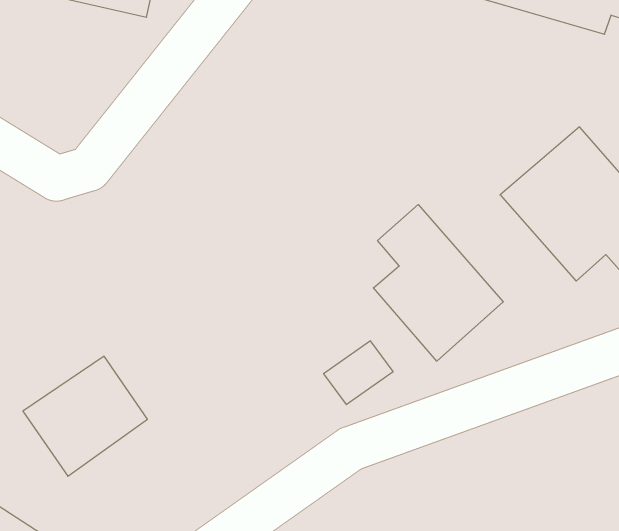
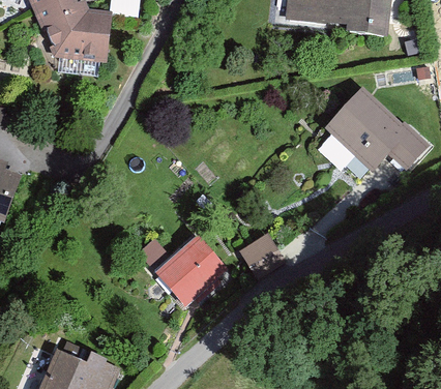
building: [373,205,503,361] -> none
building: [23,356,147,476] -> [152,236,224,307]

